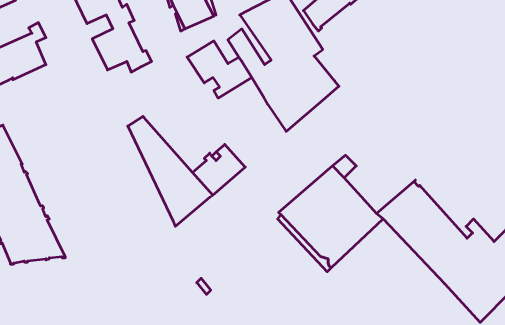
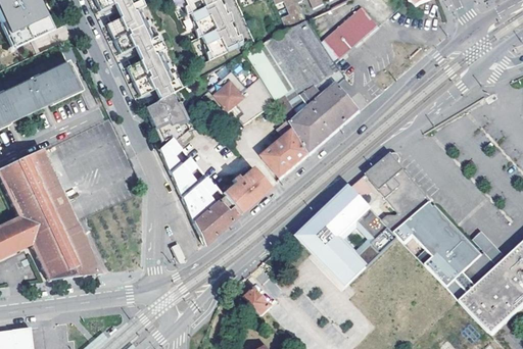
building: none -> [144,93,188,143]
building: none -> [263,121,308,179]
building: none -> [368,153,431,232]
building: none -> [243,289,273,318]

